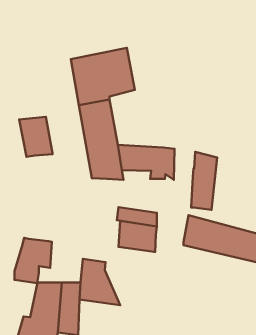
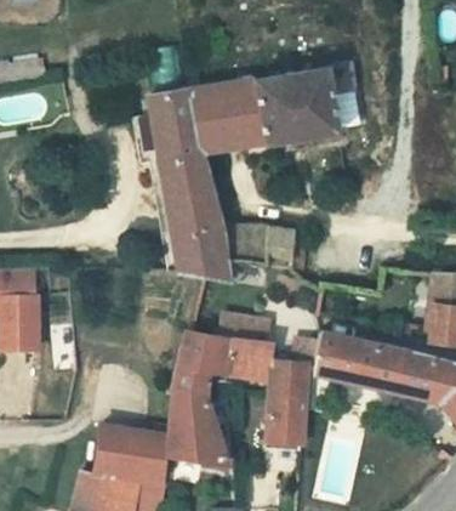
building: none -> [232,53,358,142]
building: [19,117,52,157] -> none
building: [191,152,217,210] -> [269,359,308,447]
building: [15,238,52,283] -> [166,333,222,401]

